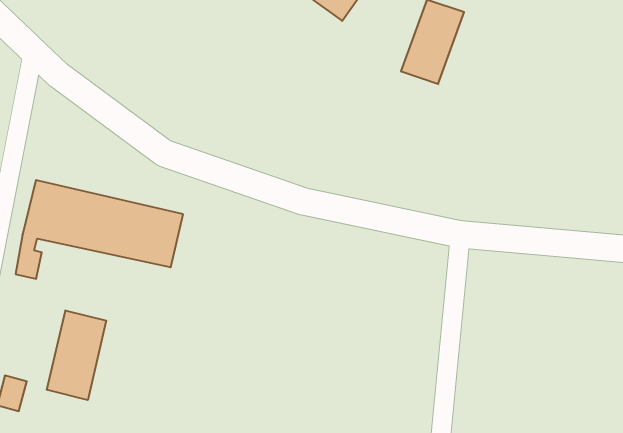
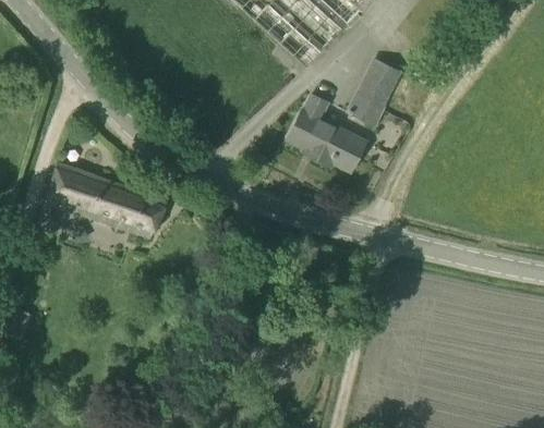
building: none -> [288,91,366,169]
building: [47,310,106,400] -> none

